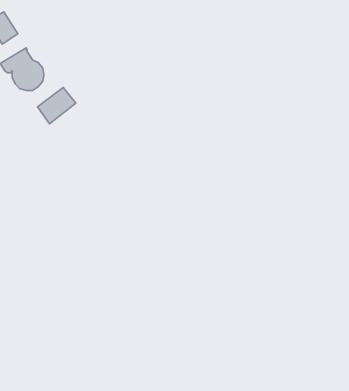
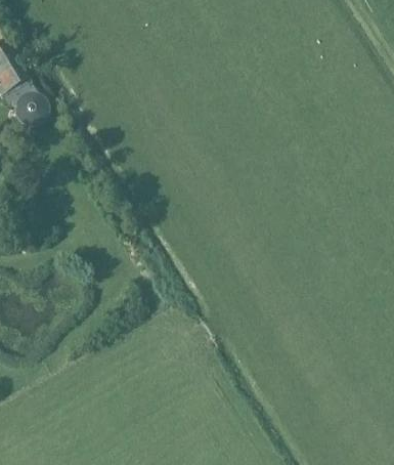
building: [37,87,76,124] -> none

